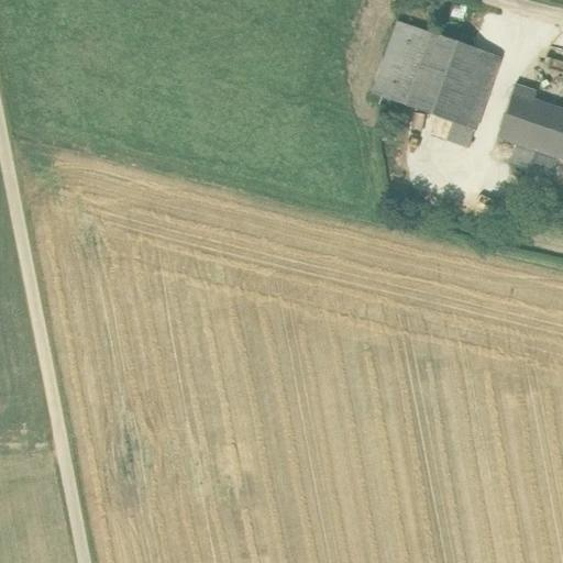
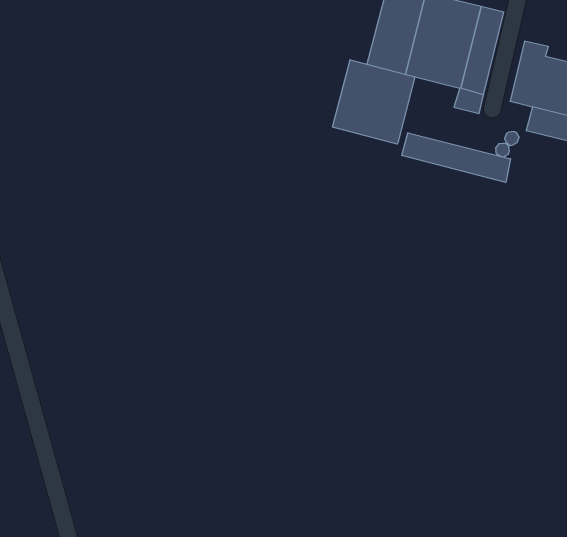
building: none -> [333,60,415,144]
building: none -> [402,133,510,182]

